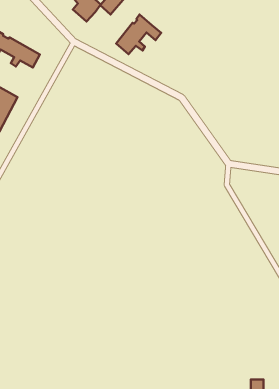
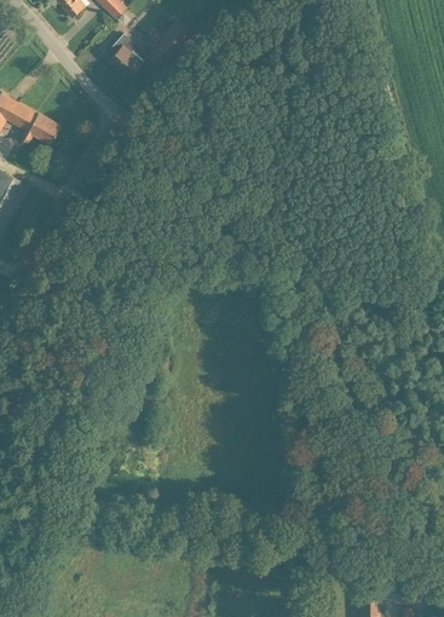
building: [116,15,161,54] -> none

